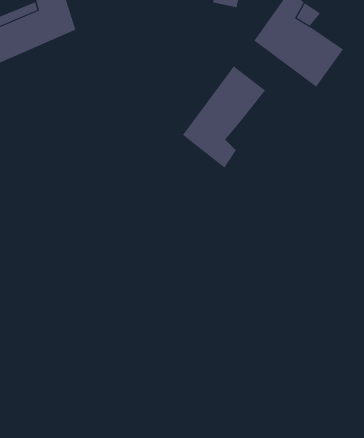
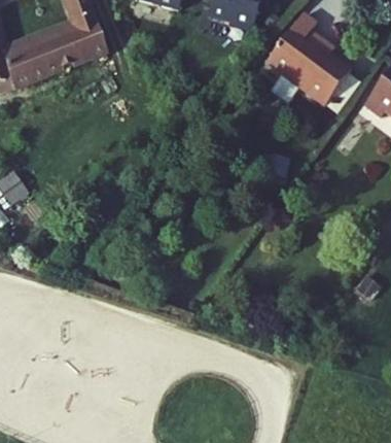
building: [182,65,266,169] -> none

